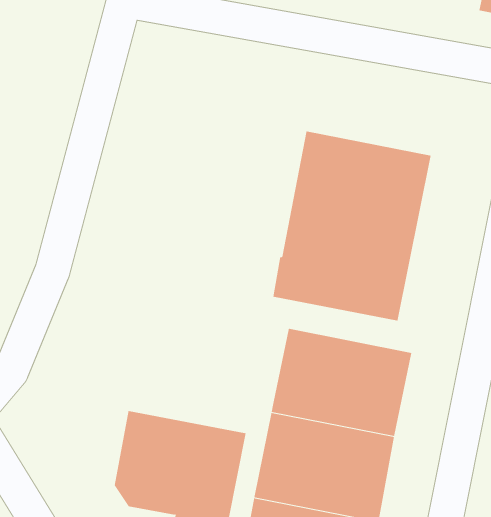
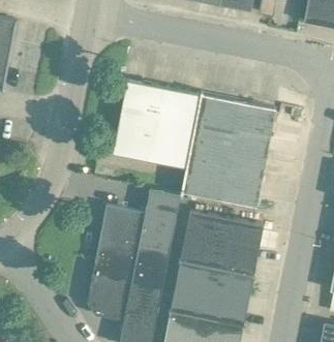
building: none -> [113,79,201,167]
building: none -> [95,188,181,272]

